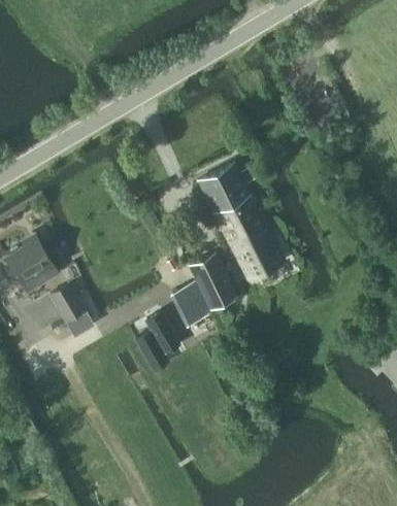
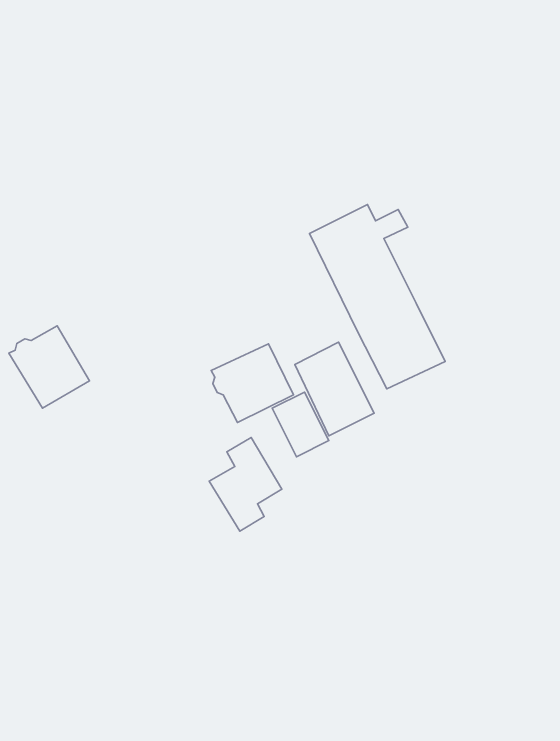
building: none -> [211,344,294,422]
building: [51,284,93,336] -> none

